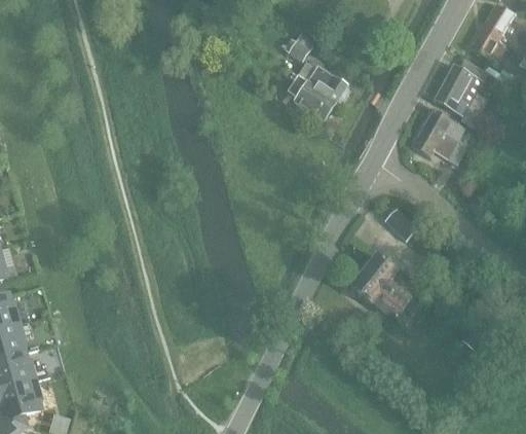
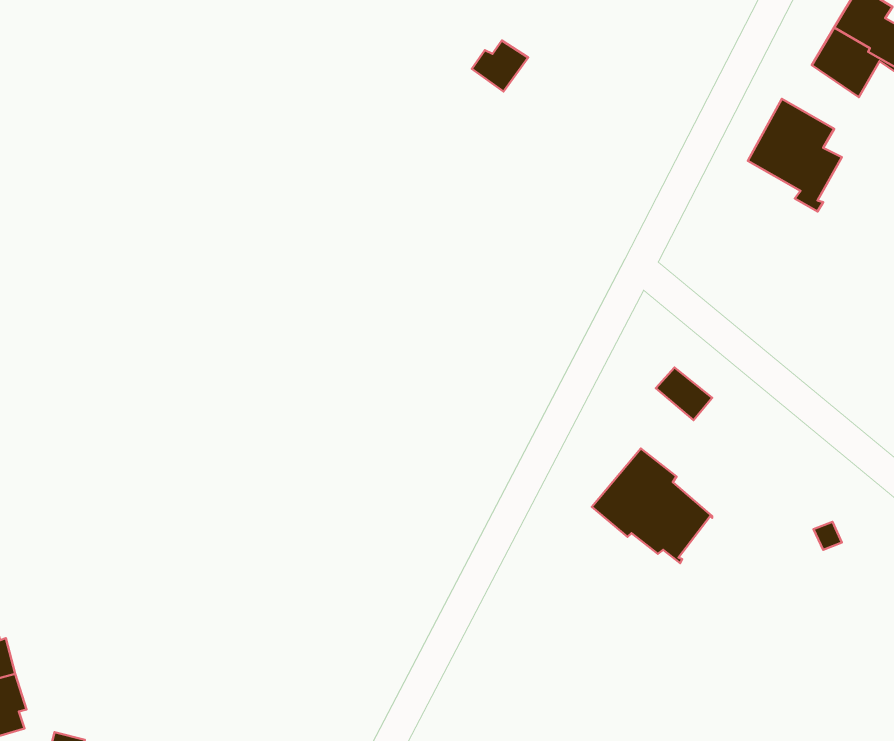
building: [287,63,349,120] -> none
building: [412,108,465,164] -> none

